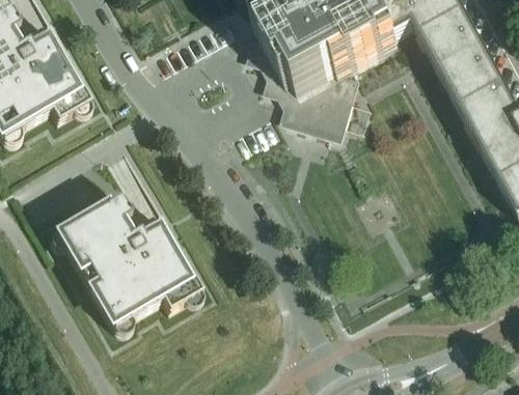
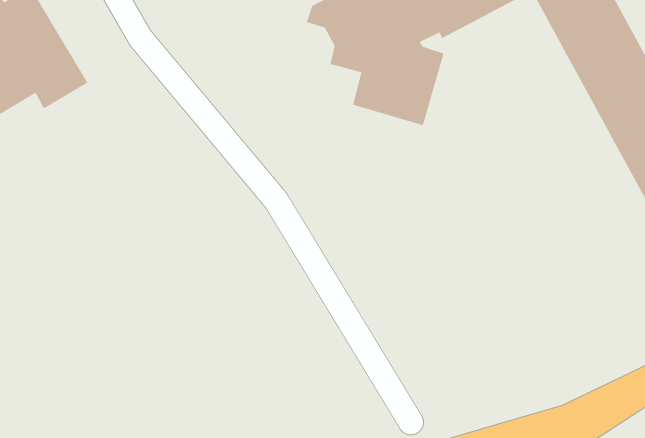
building: [56,196,201,326] -> none

